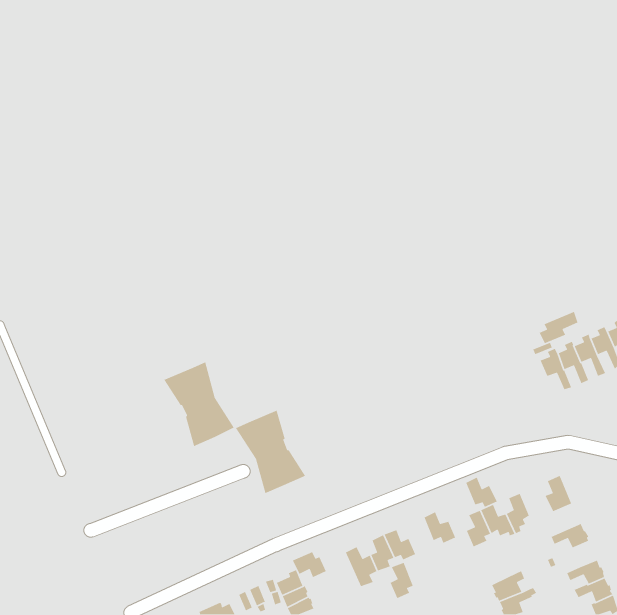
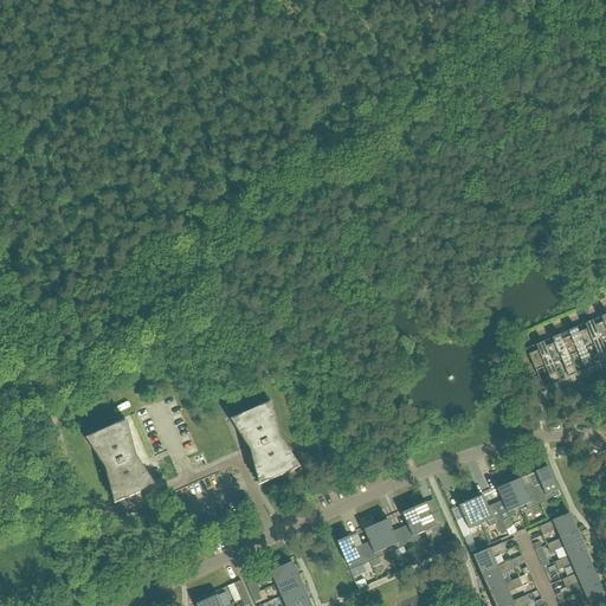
building: [539,311,579,344] -> none
building: [163,361,235,447] -> [86,419,156,503]
building: [465,477,498,508] -> [510,477,542,508]
building: none -> [547,530,586,555]
building: [292,551,327,578] -> none
building: none -> [473,541,508,573]
building: [390,562,414,599] -> [401,507,425,543]

